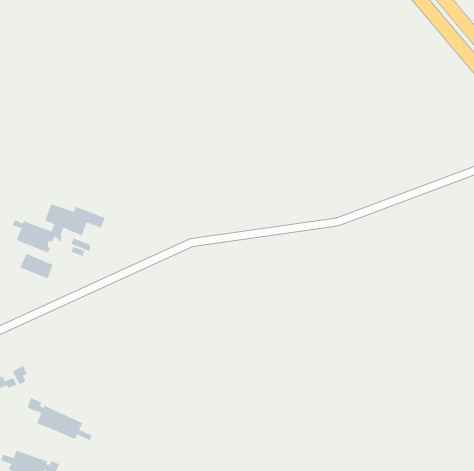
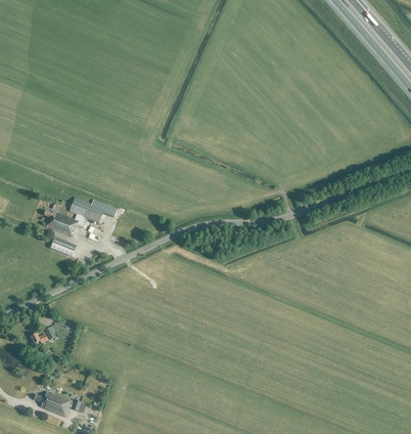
building: [27,397,93,441] -> none

